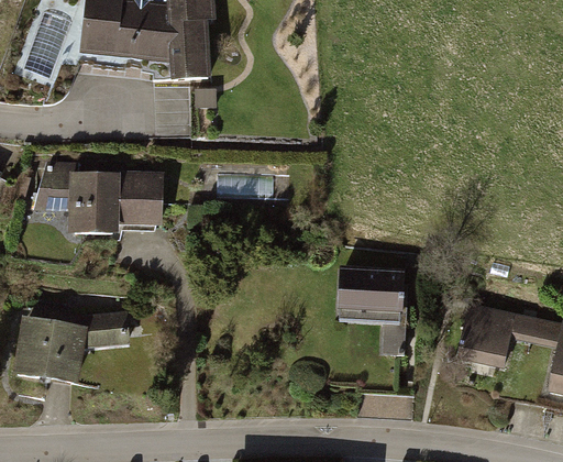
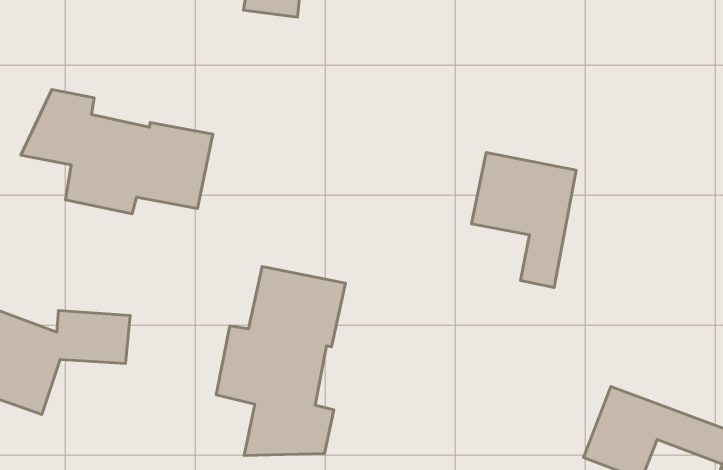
building: none -> [216,266,345,455]
building: [338,268,405,355] -> [472,152,576,287]

